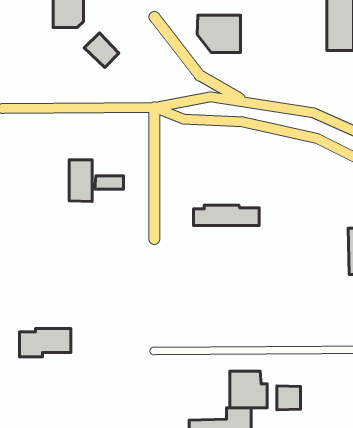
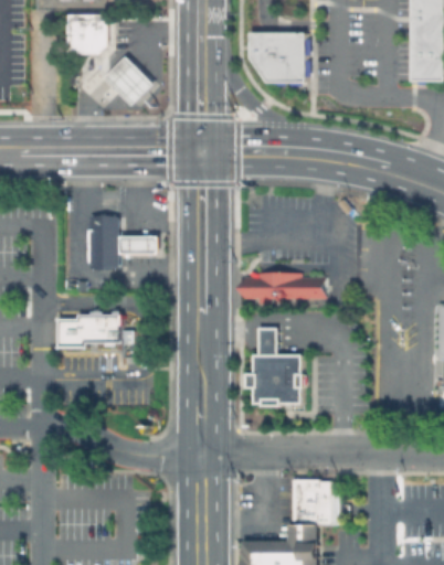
building: none -> [244,329,303,406]
building: [19,328,71,357] -> [56,312,120,348]
building: [277,386,301,410] -> none

